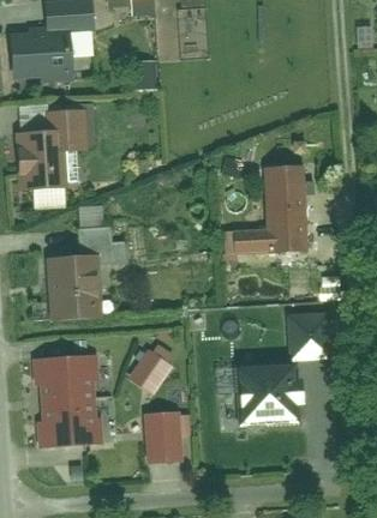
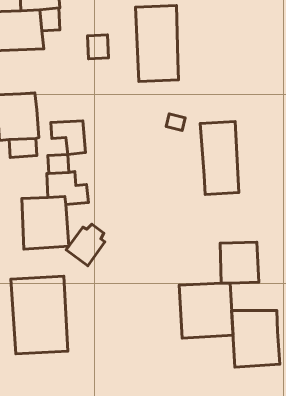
building: none -> [135,5,179,82]
building: [46,110,88,151] -> [51,121,86,155]
building: [235,230,269,254] -> none
building: [128,343,175,393] -> [66,224,105,266]
building: none -> [232,310,280,367]
building: [145,409,191,462] -> none

